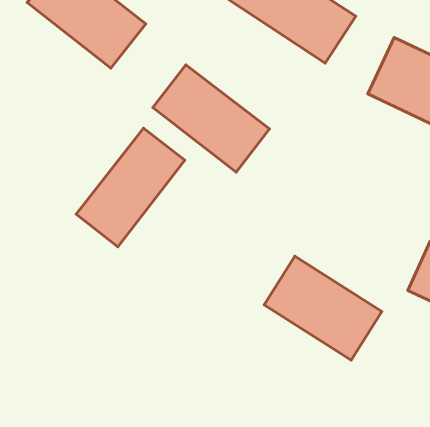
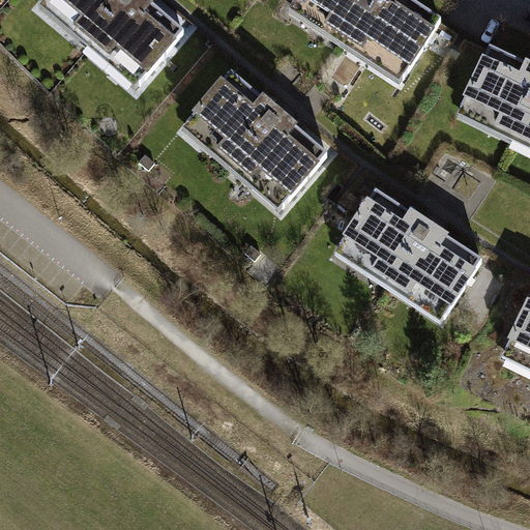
building: [76,128,185,247] -> none
building: [264,256,382,360] -> [334,189,477,316]

